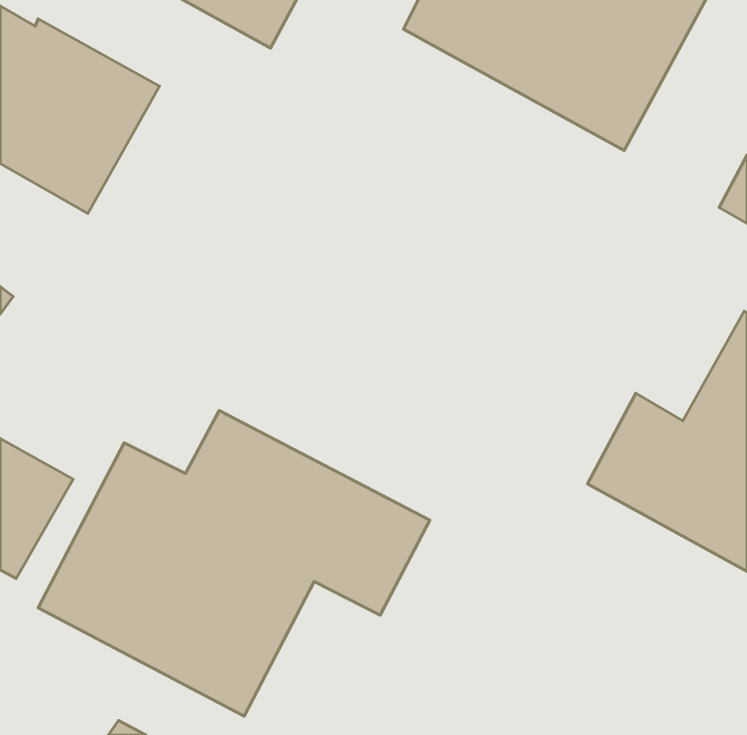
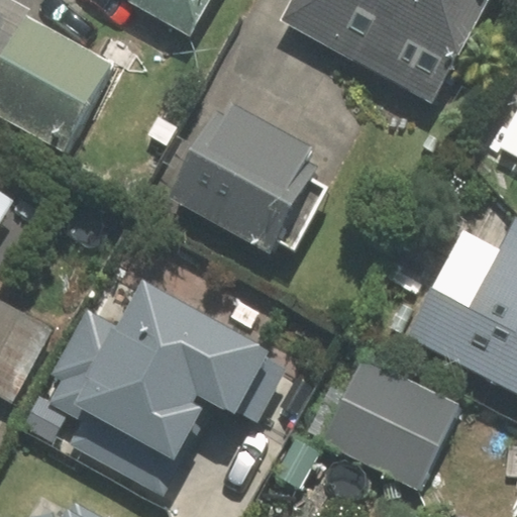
building: none -> [171,107,326,252]
building: none -> [321,353,460,486]

